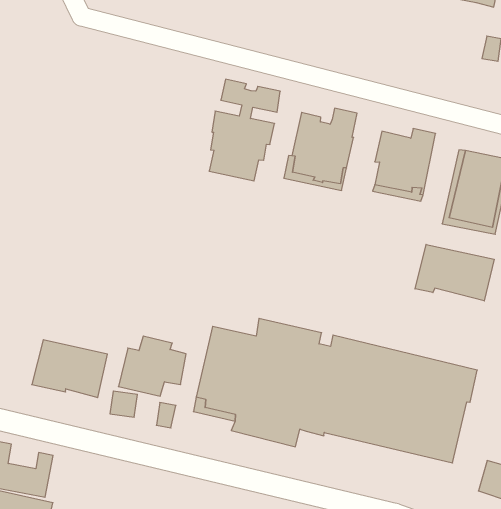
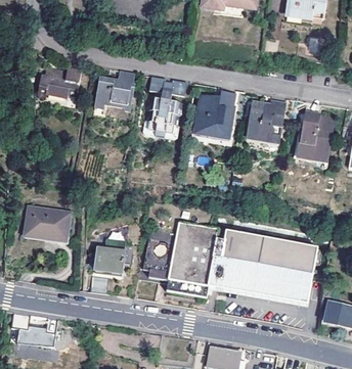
building: none -> [34,63,78,98]
building: none -> [91,70,132,108]
building: [415,244,494,301] -> none
building: [32,340,107,398] -> [26,206,72,240]

